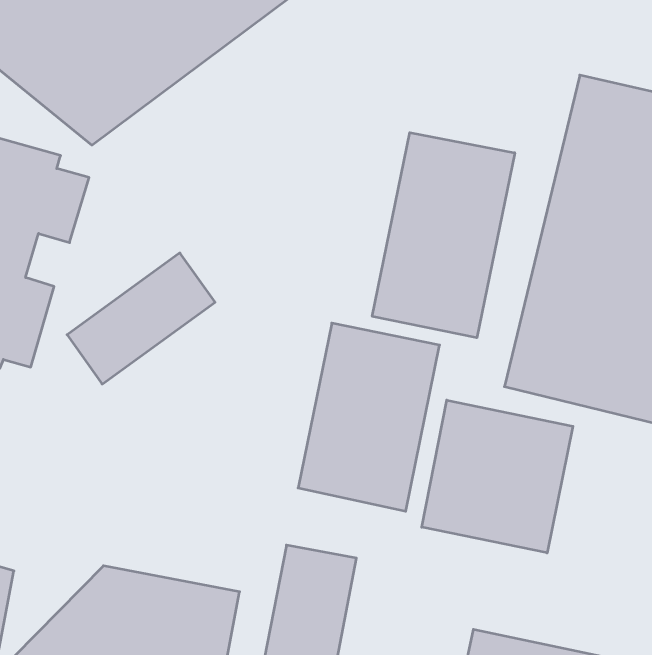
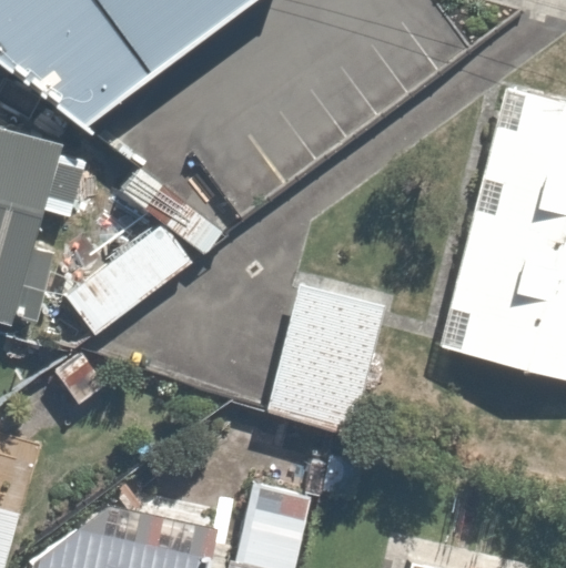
building: [372,133,515,338] -> none
building: [422,400,573,553] -> none

